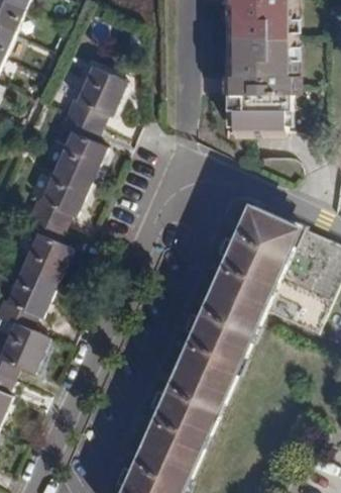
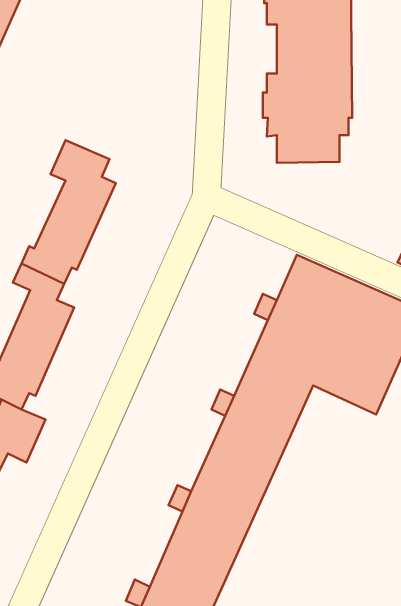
building: [65,67,126,129] -> none

